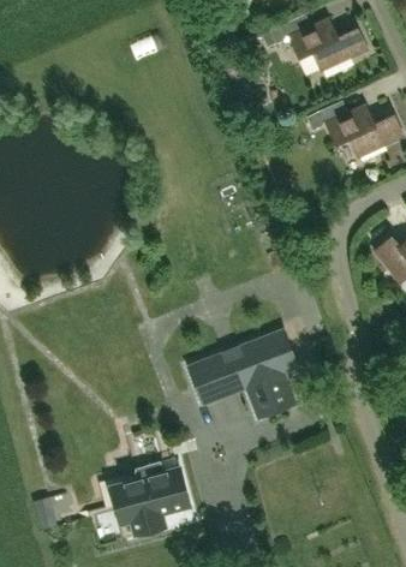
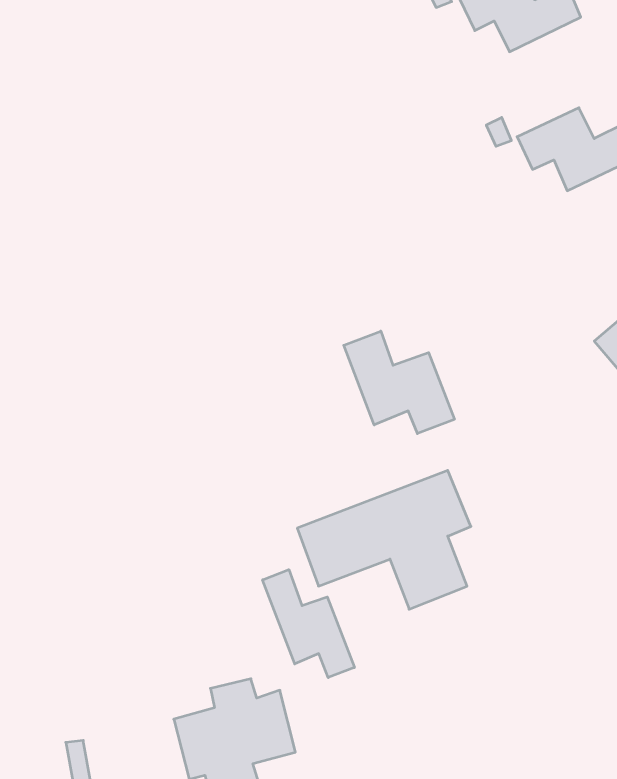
building: none -> [344,331,454,434]
building: none -> [263,570,354,678]

